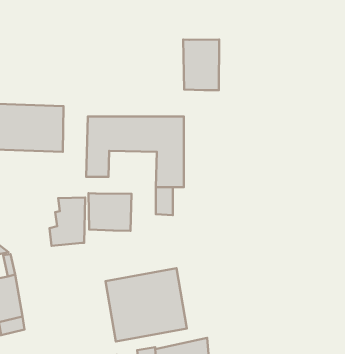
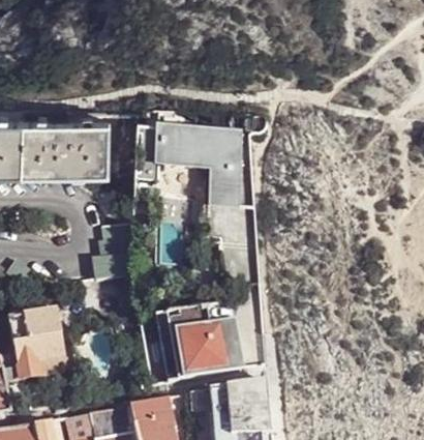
building: [183,40,219,90] -> none
building: [89,193,132,231] -> none

